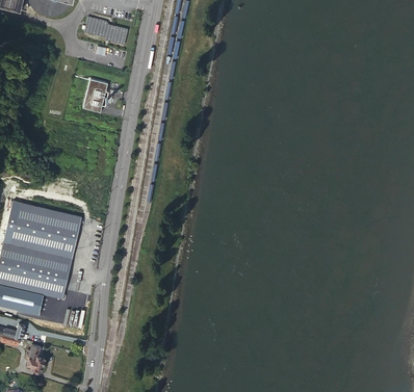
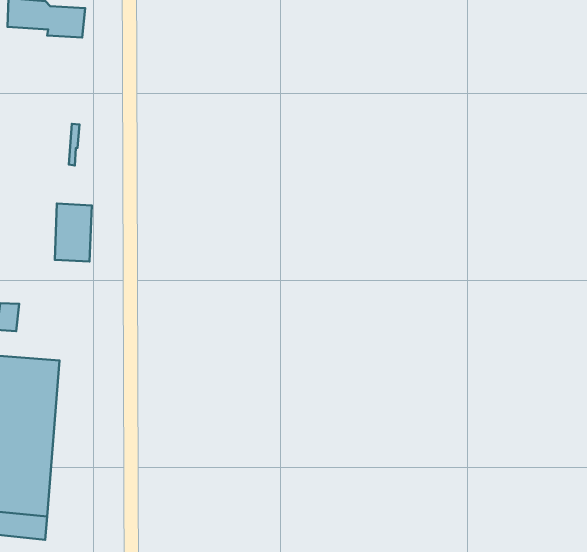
building: [82,78,107,112] -> [55,204,92,262]

